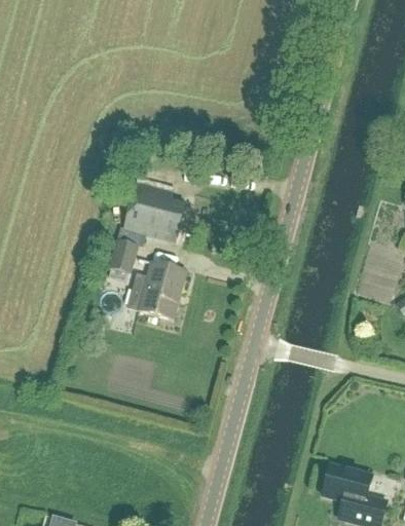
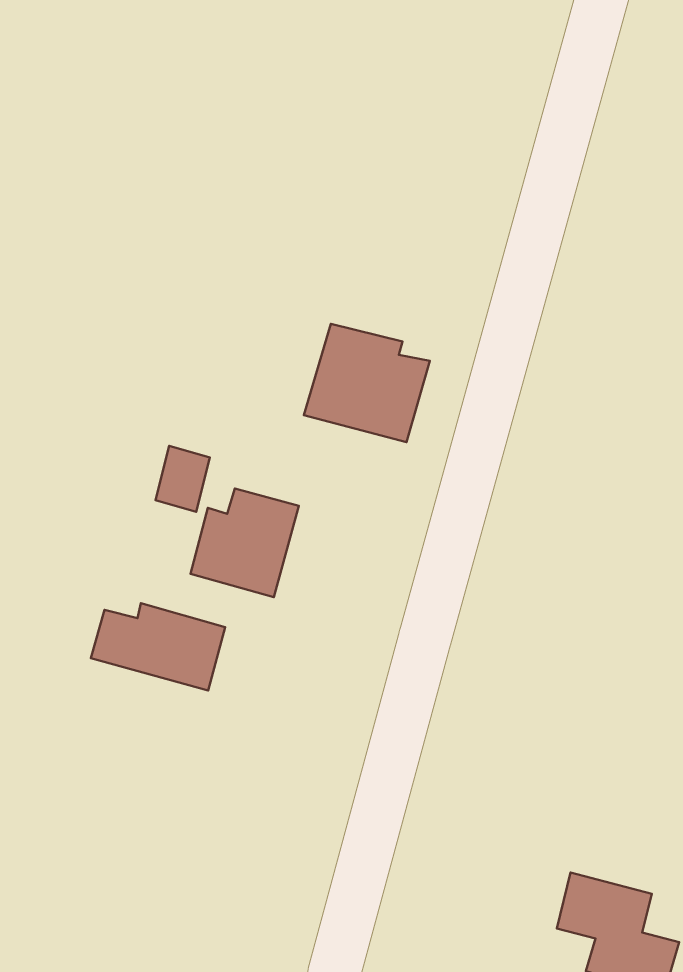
building: [121,182,188,245] -> [304,324,430,442]
building: none -> [91,603,225,690]

